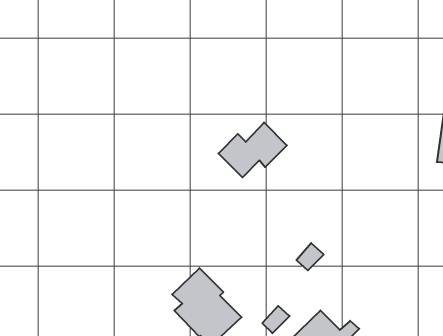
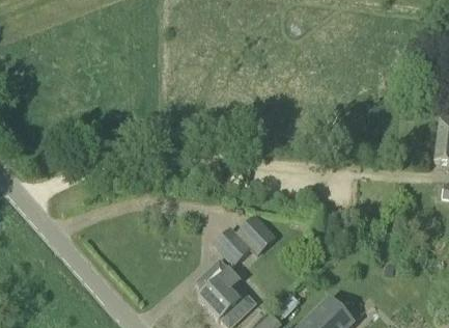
building: [218,122,287,177] -> [214,214,276,264]

